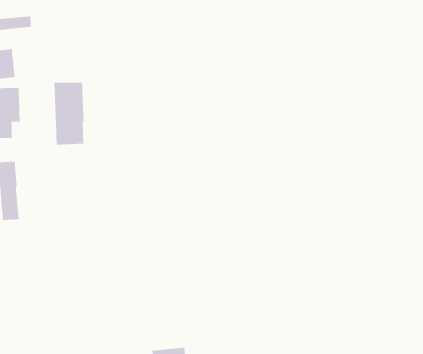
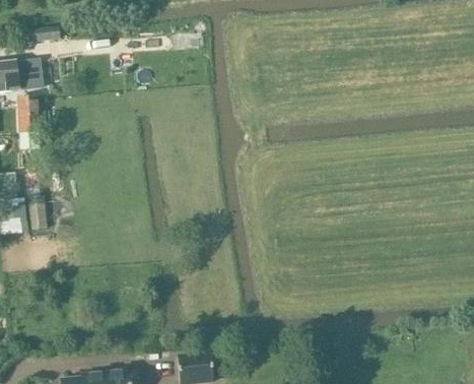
building: [54,82,84,145] -> none

